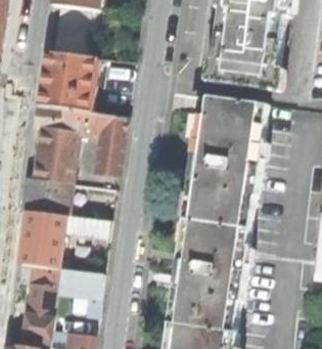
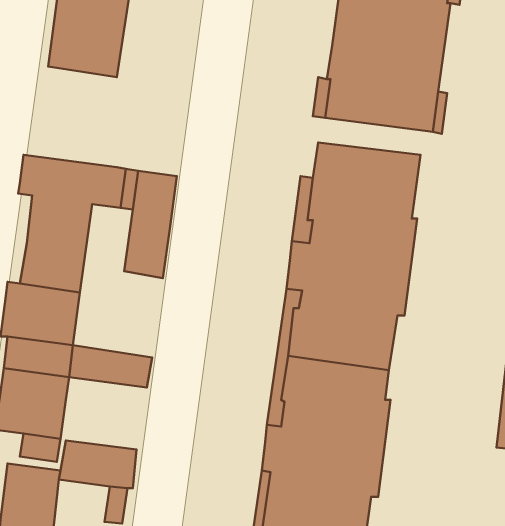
building: [38,52,99,111] -> none

